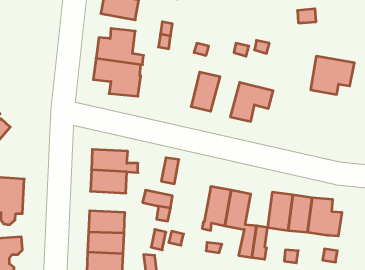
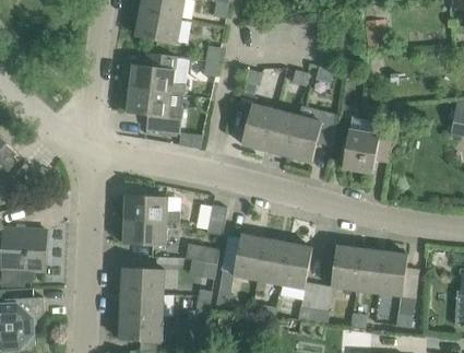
building: [311,56,354,94] -> [342,128,393,173]
building: none -> [264,109,298,156]
building: none -> [234,234,264,280]

